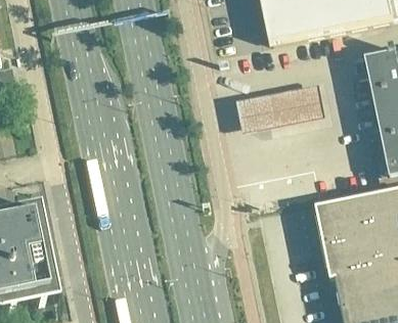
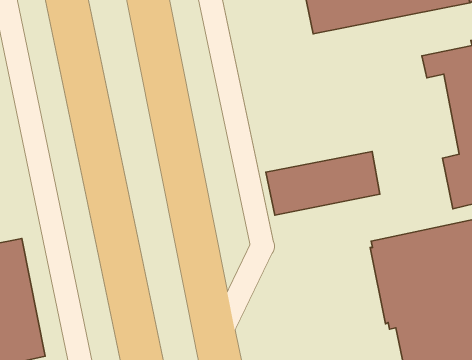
building: [234,79,324,129] -> [266,152,380,215]

